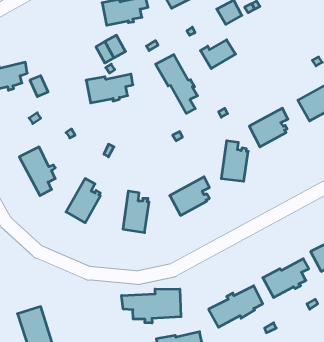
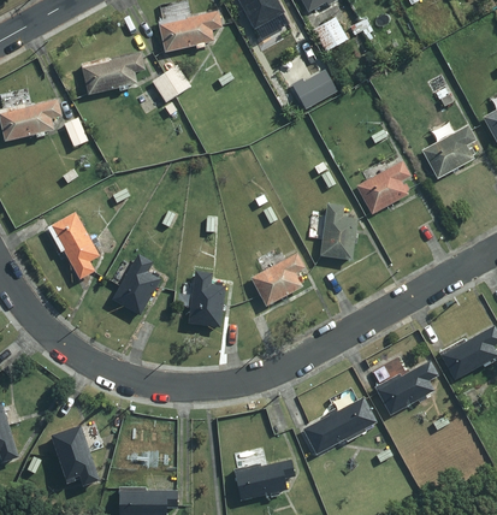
building: [156,55,198,113] -> none
building: [86,74,133,103] -> [82,54,144,93]
building: [122,289,181,323] -> none

